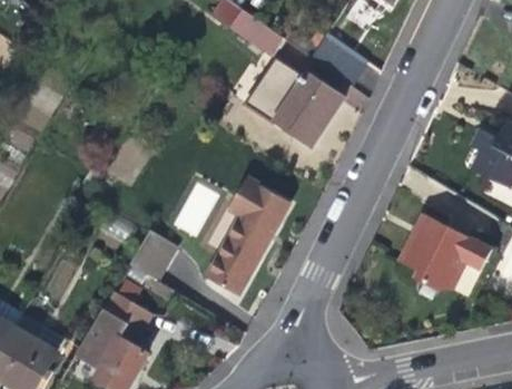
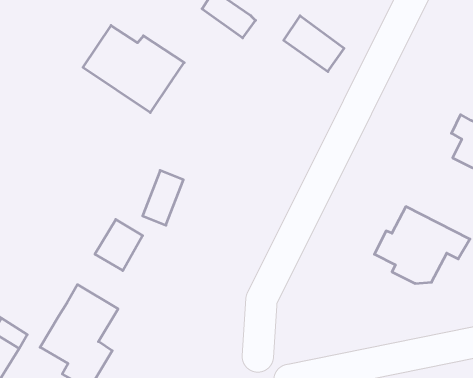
building: [248,62,345,146] -> [83,25,184,113]
building: [208,175,288,292] -> none

